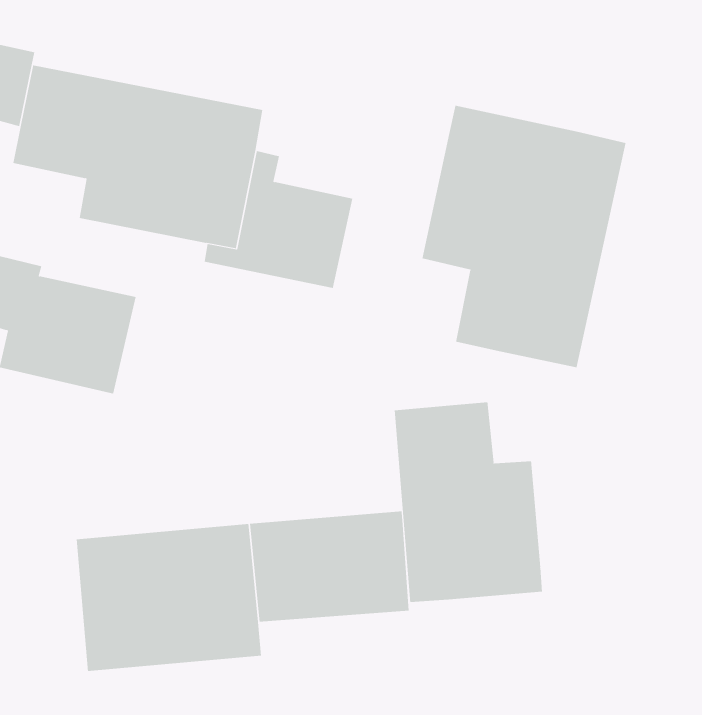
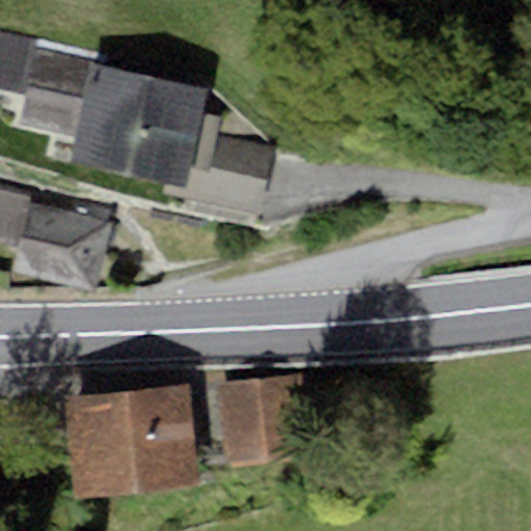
building: [422,105,626,368] -> none
building: [394,402,543,603] -> none

